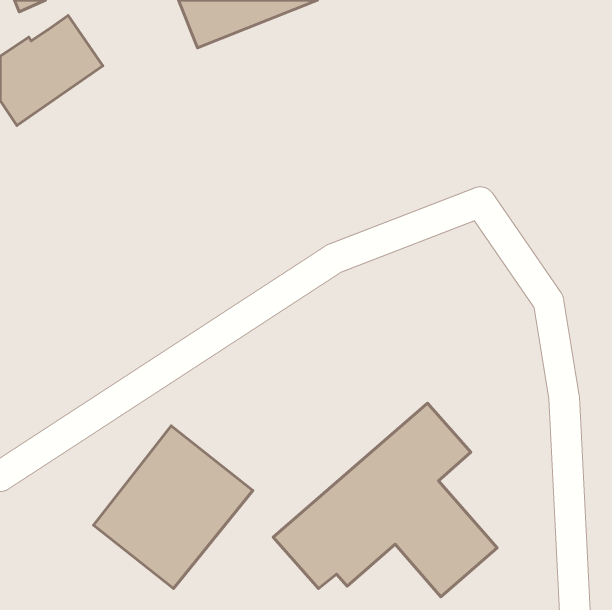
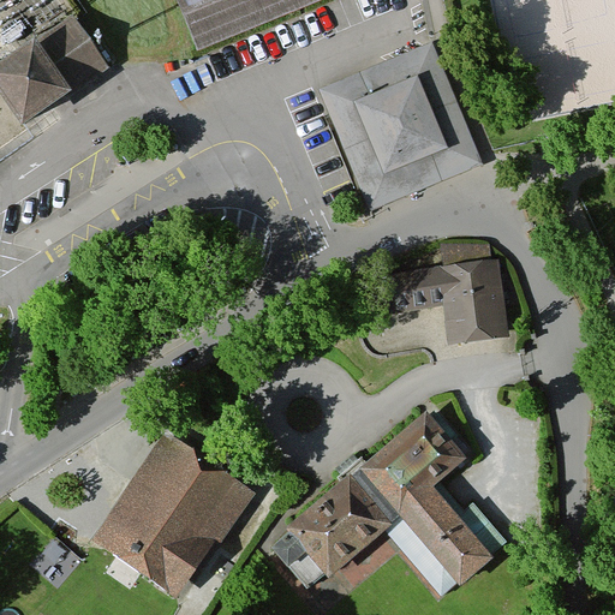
building: none -> [317,41,482,210]
building: none -> [405,262,510,341]

